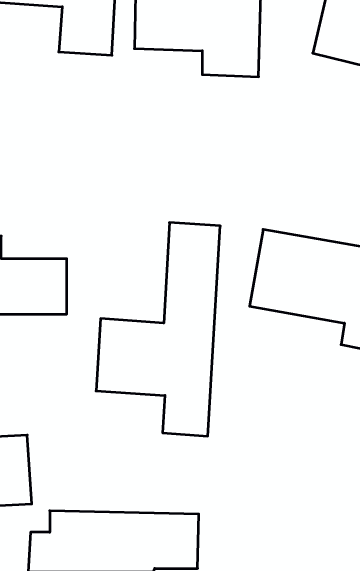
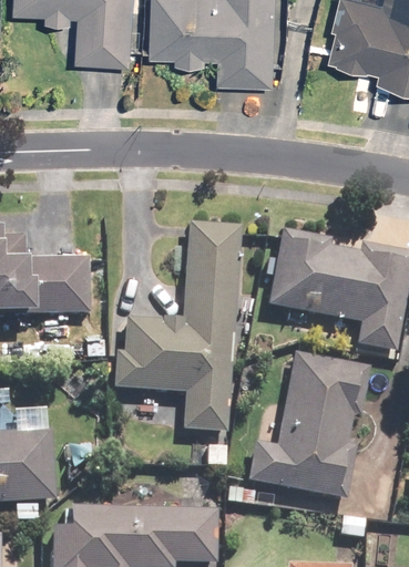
building: none -> [247,352,369,498]

